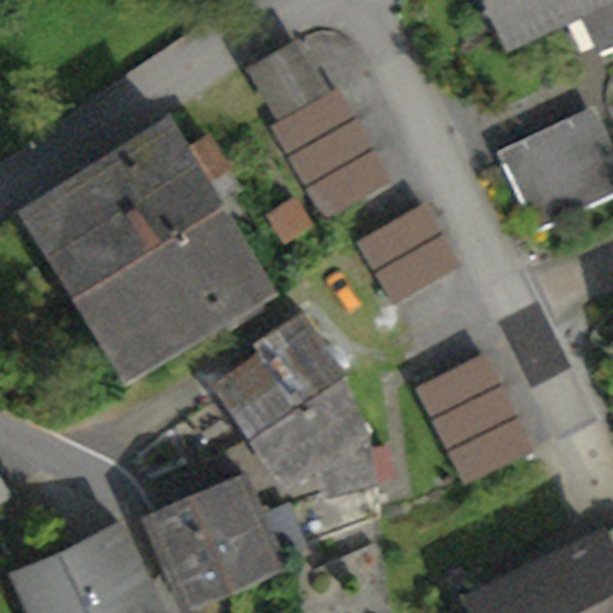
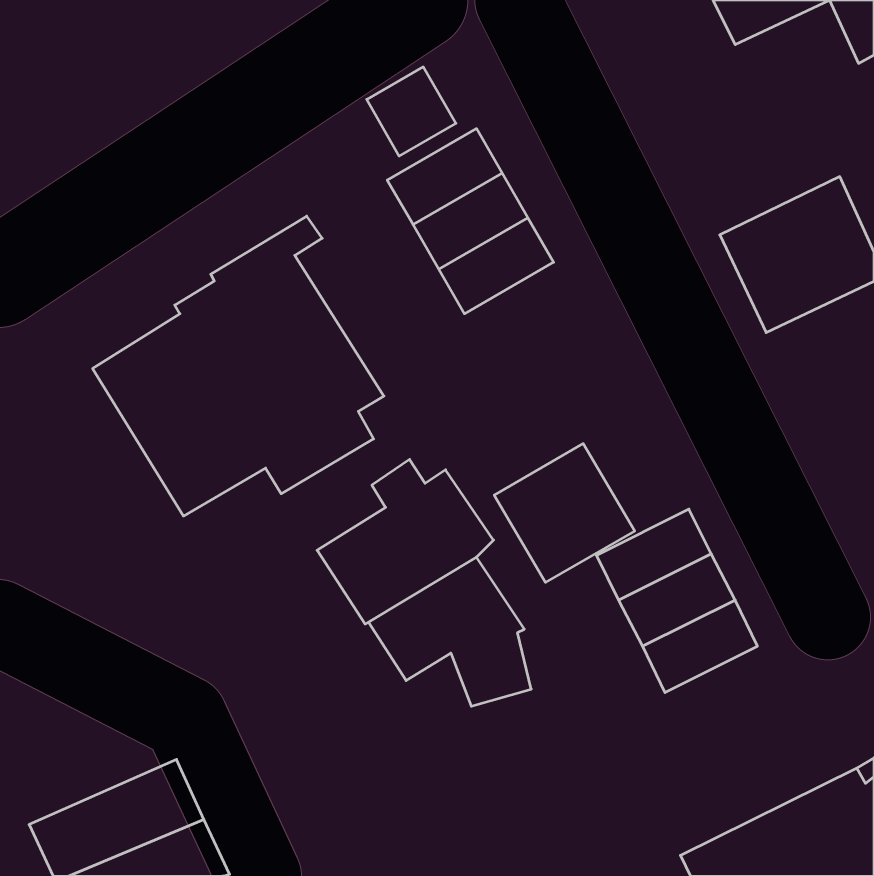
building: [36,125,214,257] -> none
building: [358,206,456,303] -> [494,444,635,582]
building: [151,477,299,601] -> none

